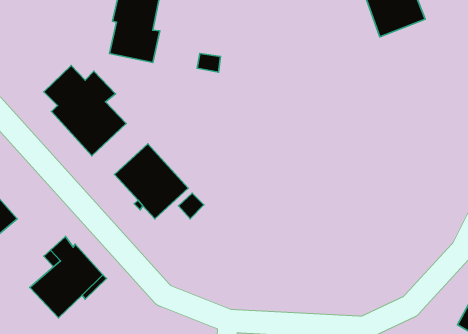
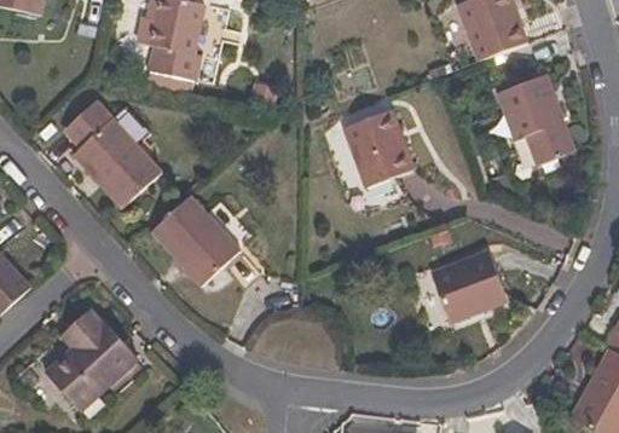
building: none -> [494,71,578,166]
building: none -> [342,109,417,187]
building: none -> [429,247,508,323]

